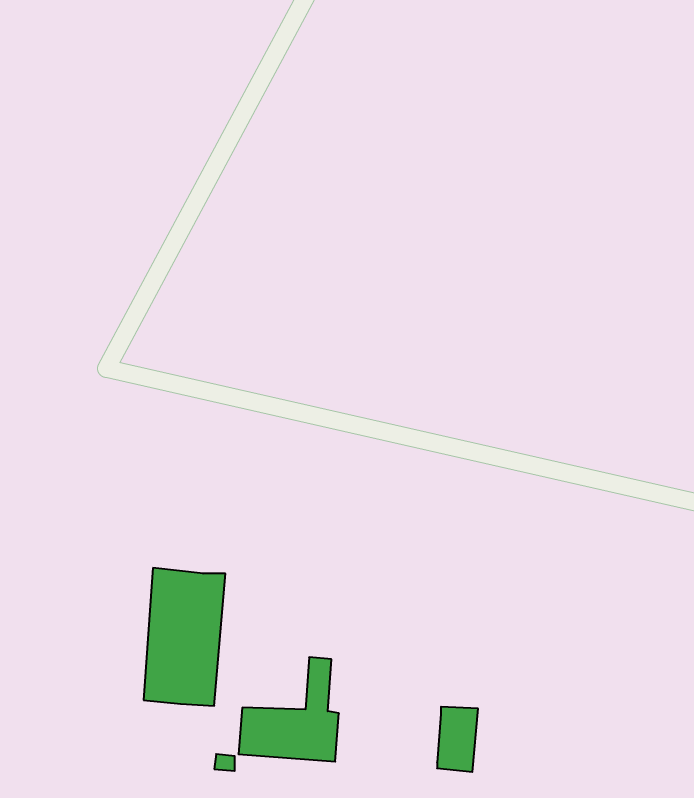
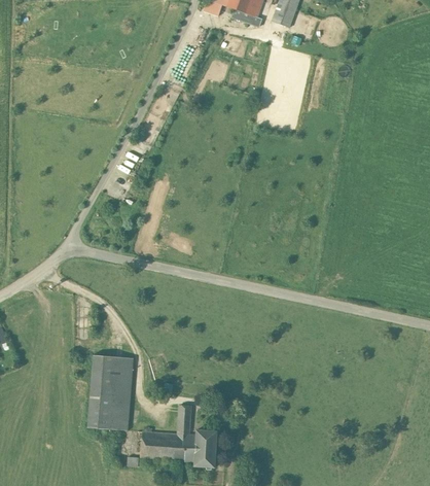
building: [437,707,478,772] -> [193,430,216,466]

